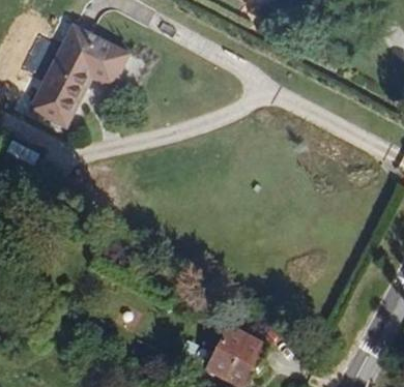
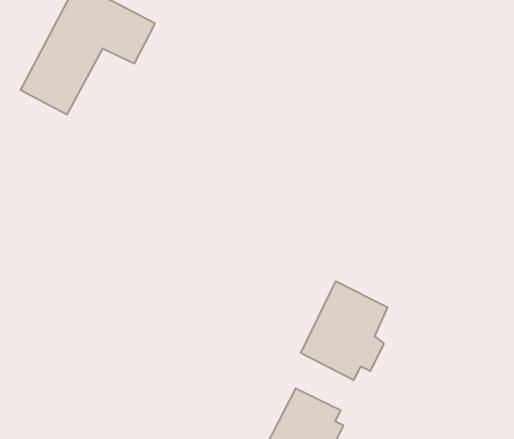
building: none -> [301,281,388,380]

